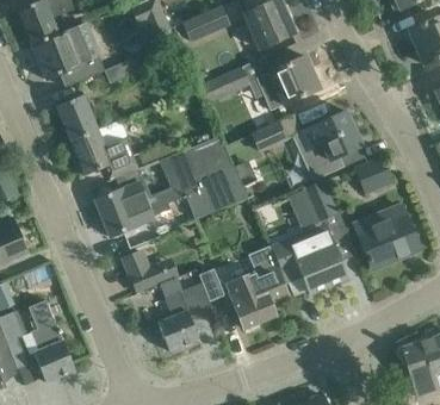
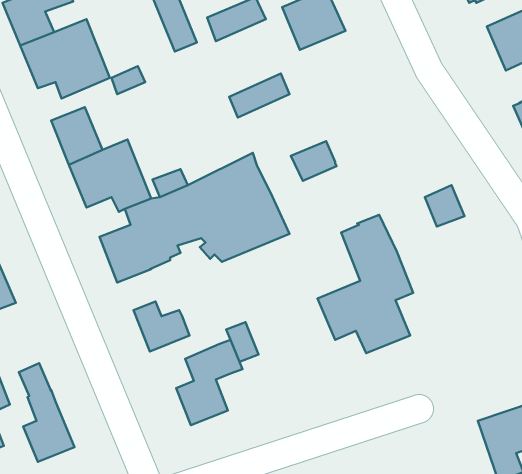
building: [256,55,320,110] -> none
building: [298,111,362,177] -> none
building: [355,205,419,267] -> none
building: [227,247,287,330] -> none

